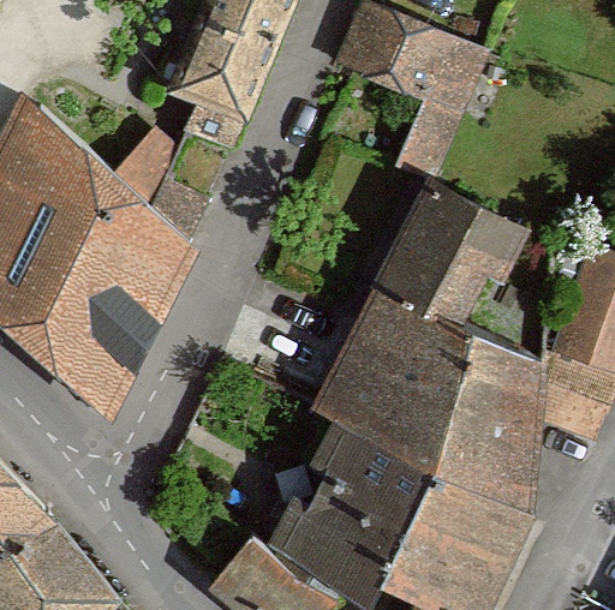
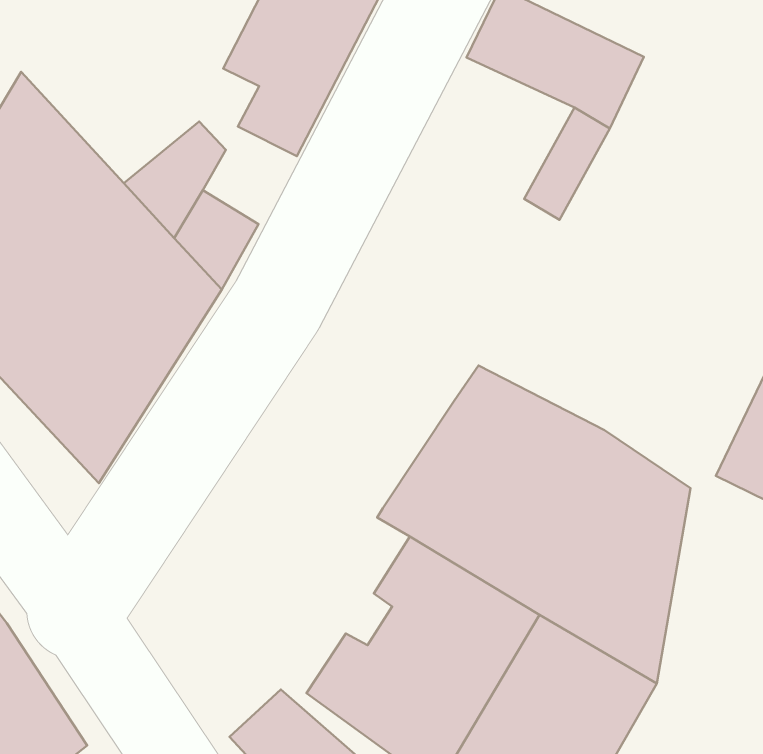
building: [377,180,533,327] -> none

